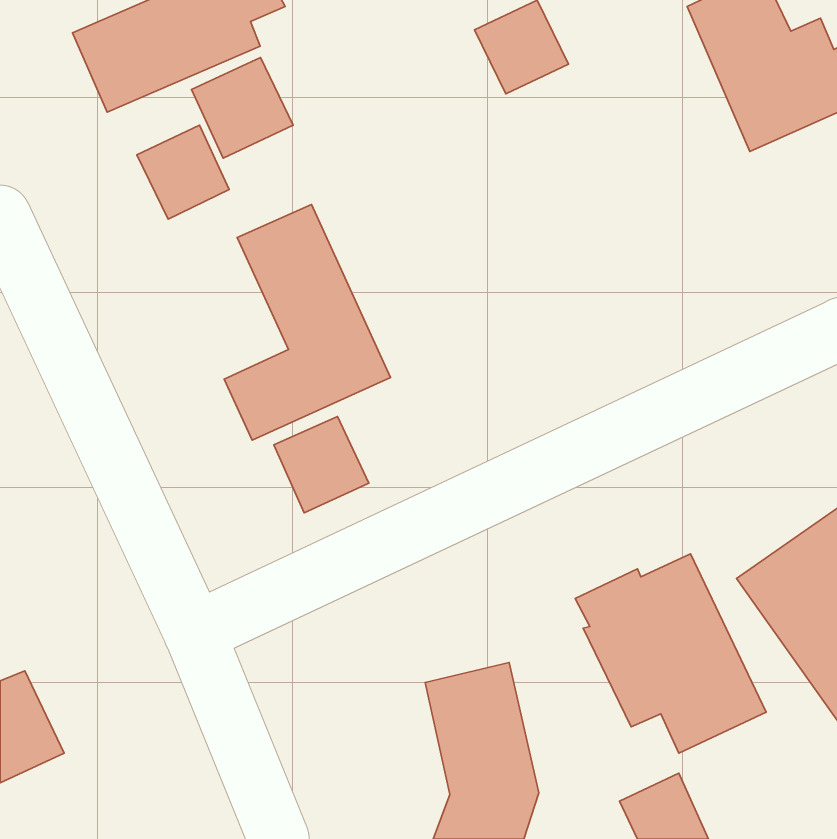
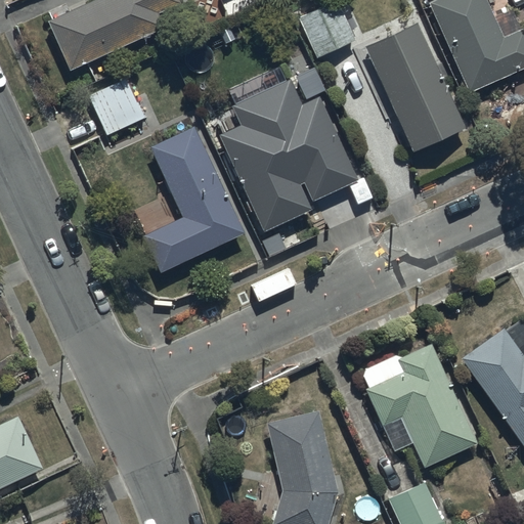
building: none -> [363,23,465,151]
building: [191,58,293,158] -> none
building: none -> [219,80,359,232]
building: [274,417,369,513] -> none

